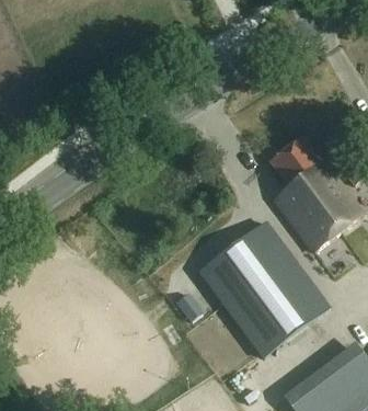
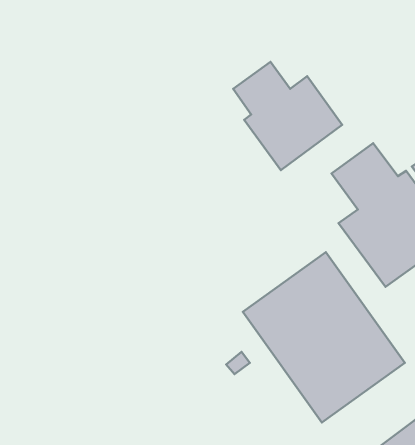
building: none -> [233,62,342,170]

